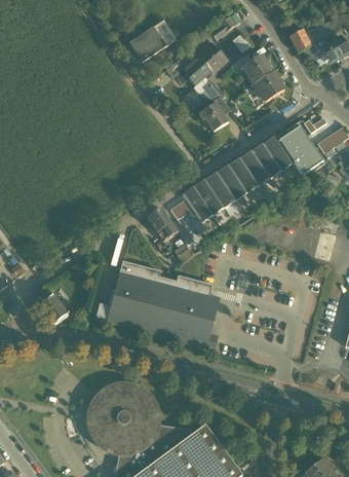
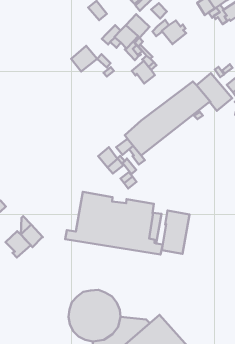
building: [131,29,164,61] -> [71,46,97,72]
building: [255,72,284,101] -> none
building: none -> [162,210,190,254]
building: none -> [5,231,31,258]

